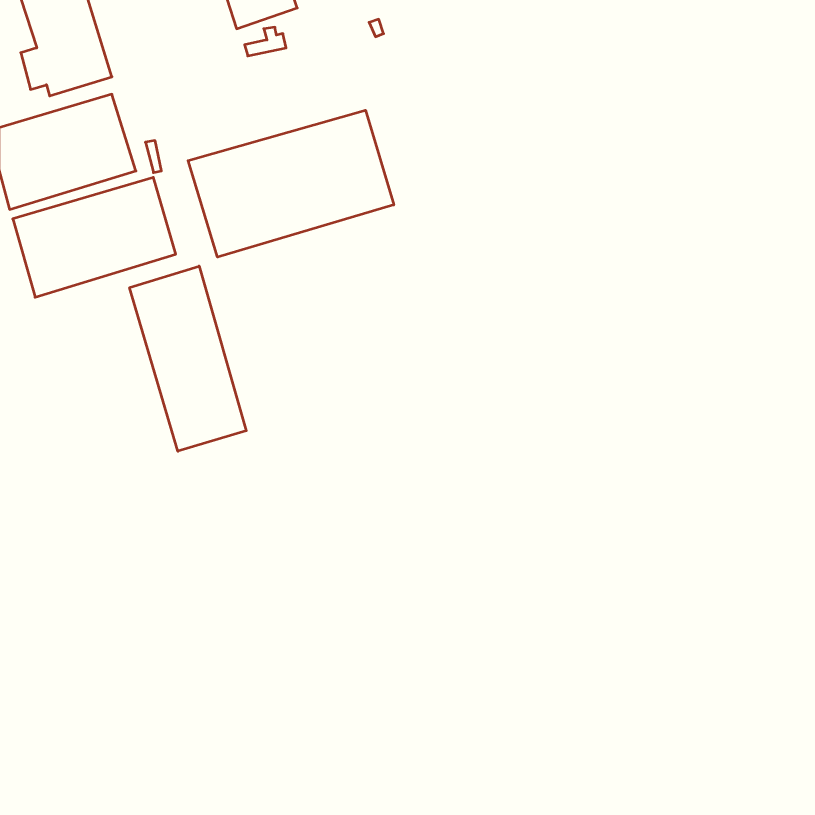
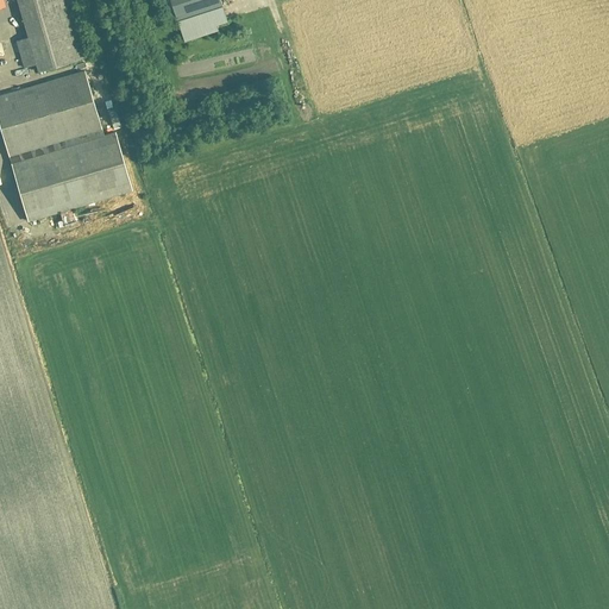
building: [188,110,394,257] -> none
building: [130,266,246,451] -> none

